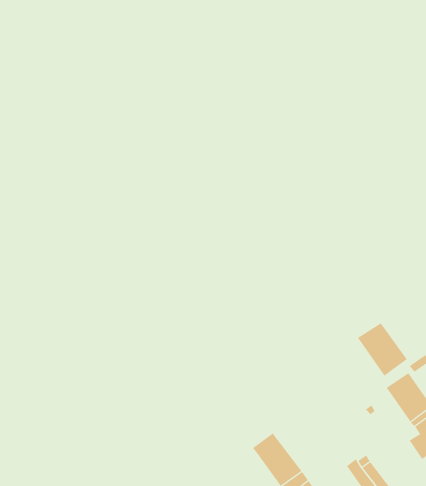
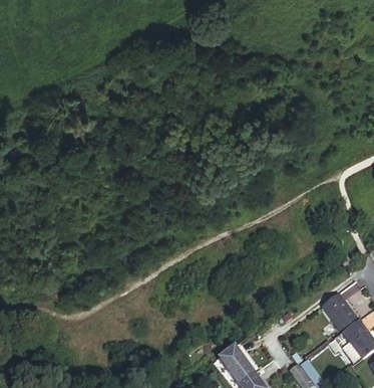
building: [357,322,407,377] -> none

